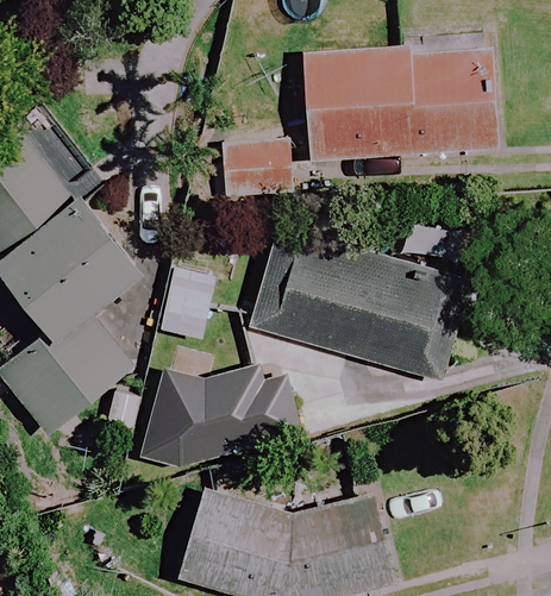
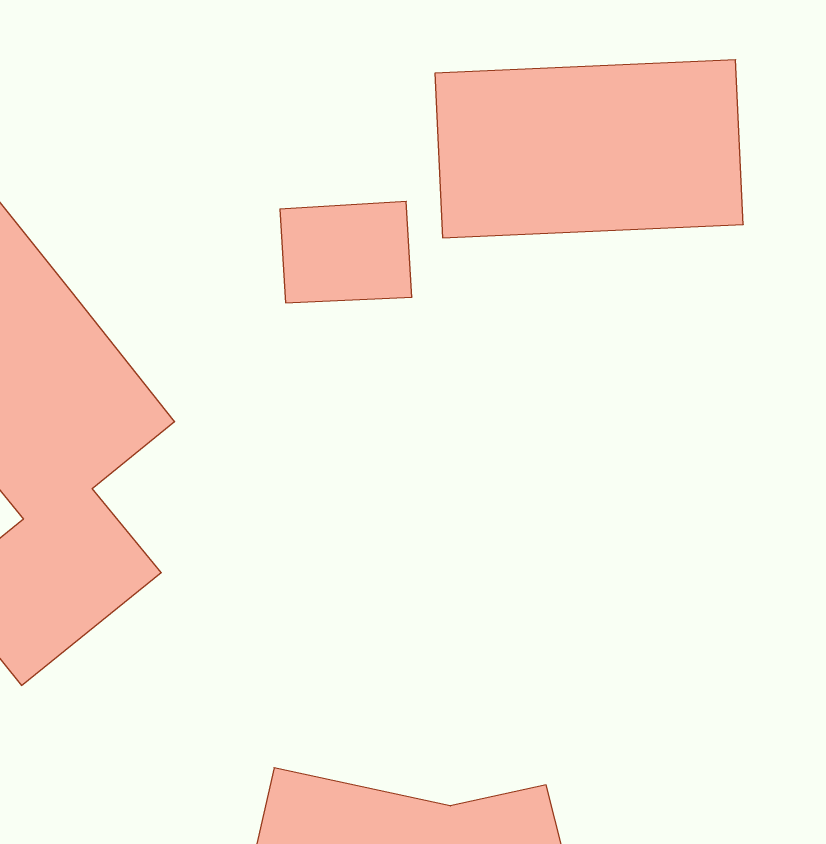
building: [246,225,468,381] -> none
building: [152,371,313,463] -> none

